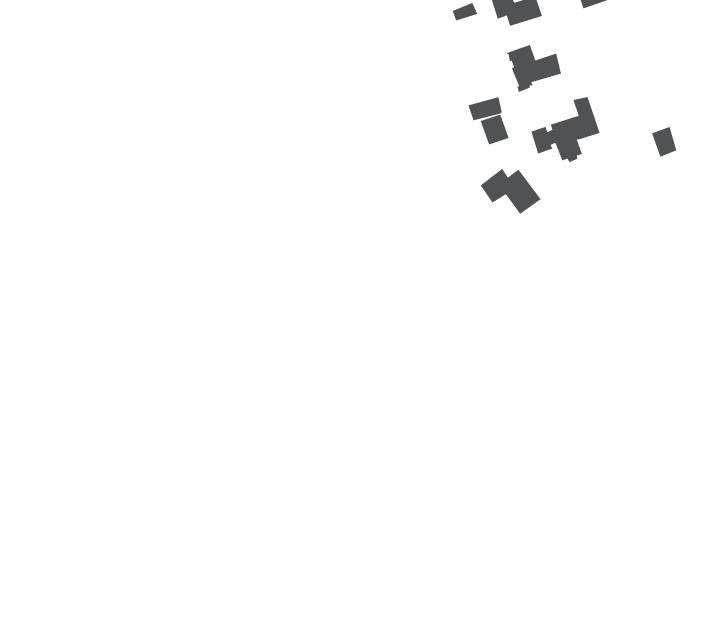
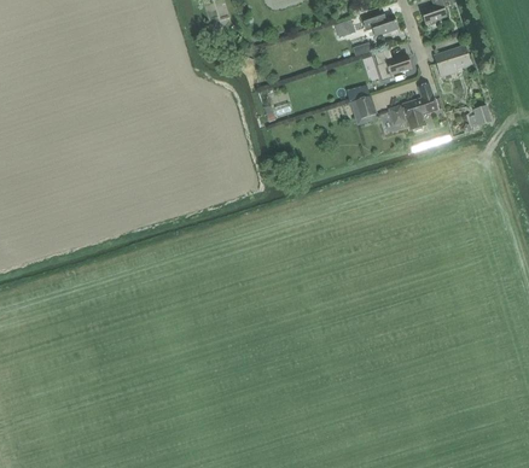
building: none -> [435,47,469,75]
building: [480,168,541,215] -> none

